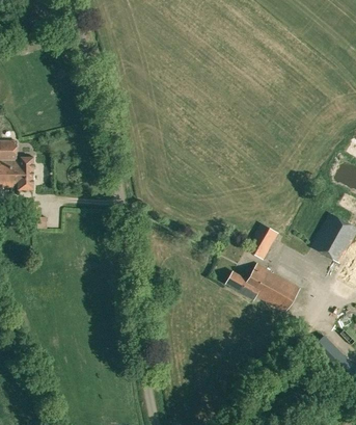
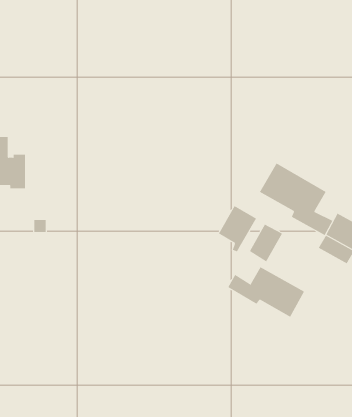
building: none -> [259,163,333,236]
building: none -> [218,205,257,252]

